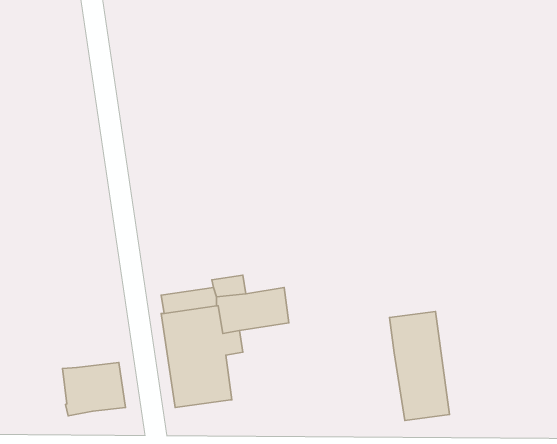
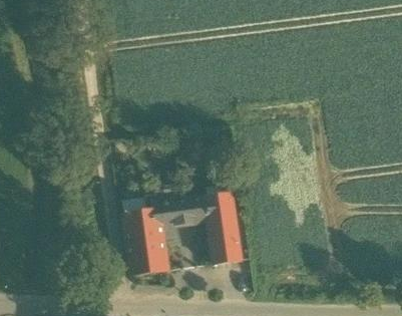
building: [389,311,449,421] -> [202,194,241,265]
building: [62,363,126,416] -> none

